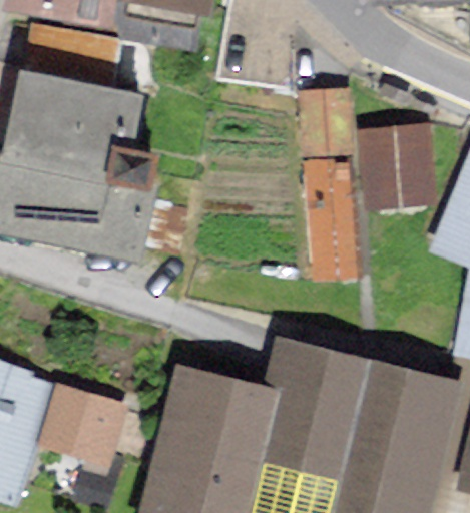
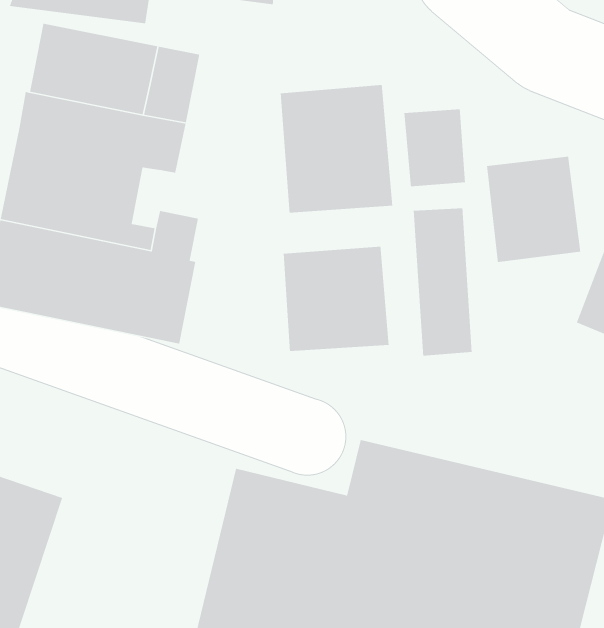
building: none -> [280,84,393,213]
building: none -> [283,246,390,352]
building: [42,386,121,460] -> none

